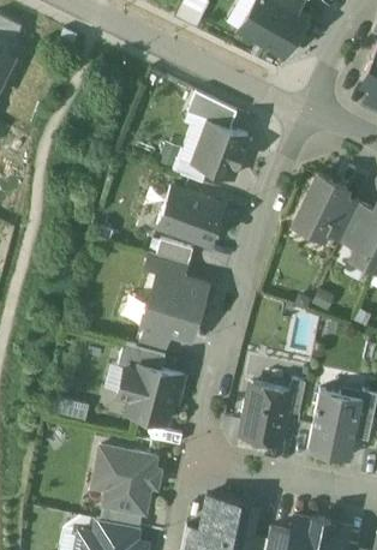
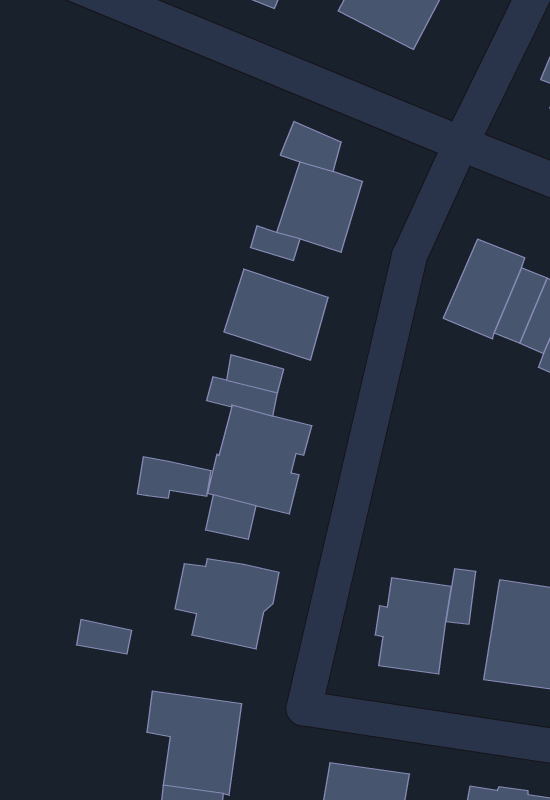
building: [119,345,166,371] -> [137,457,211,498]

